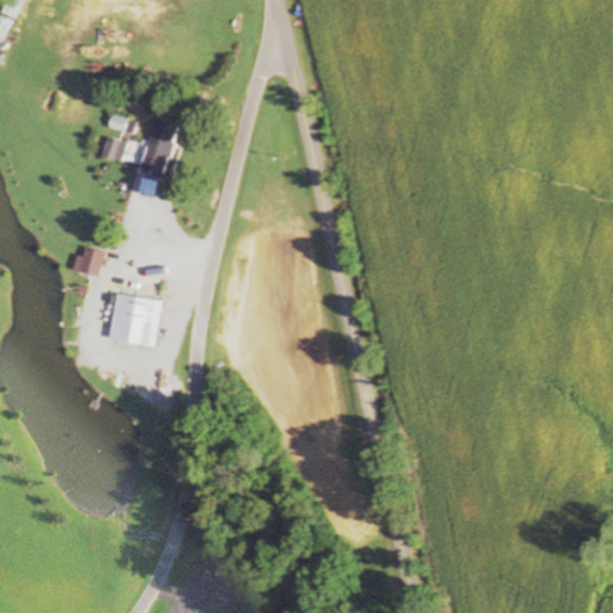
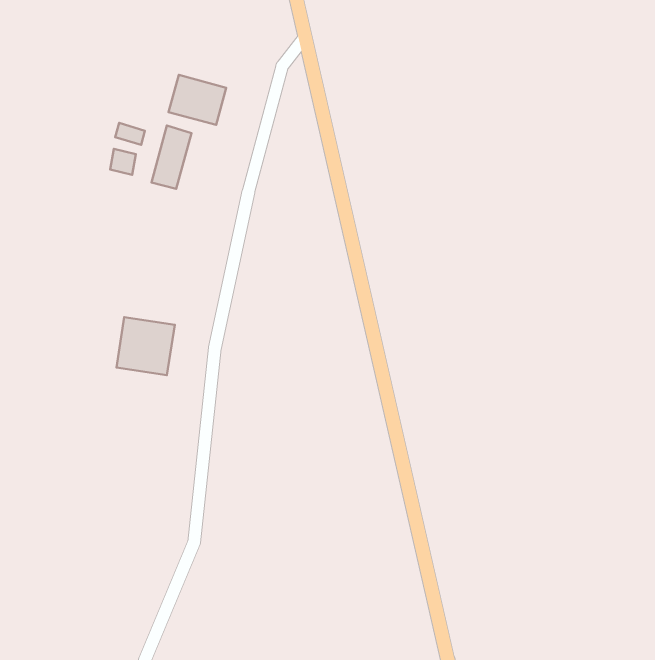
building: none -> [169,75,226,125]
building: [71,247,103,275] -> none

